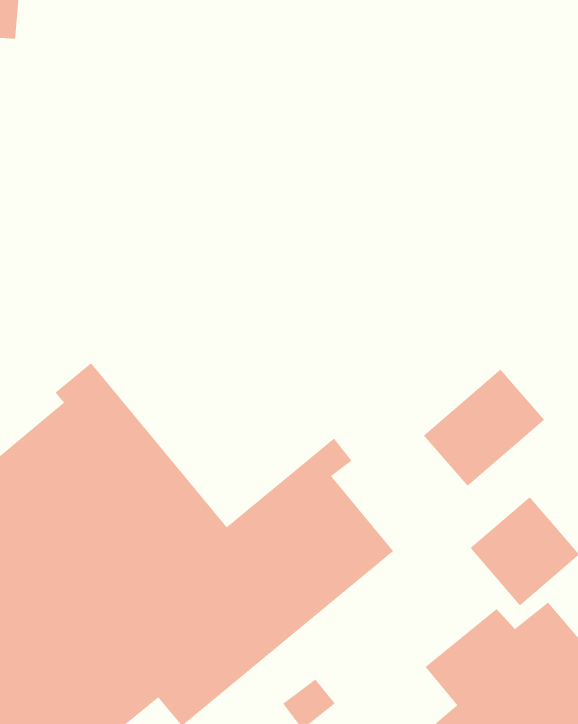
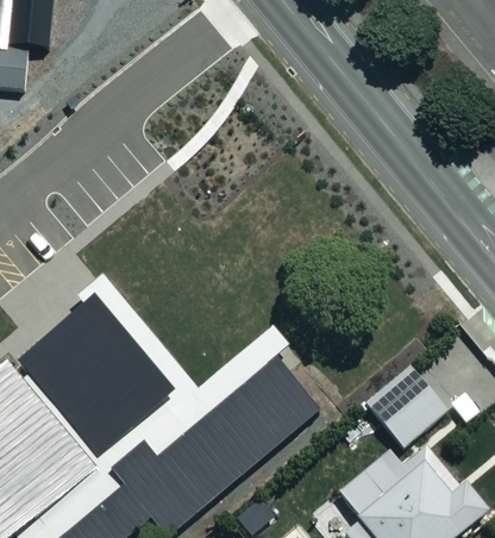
building: [423,369,545,487] -> none

